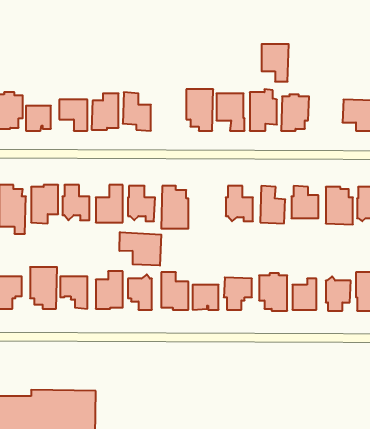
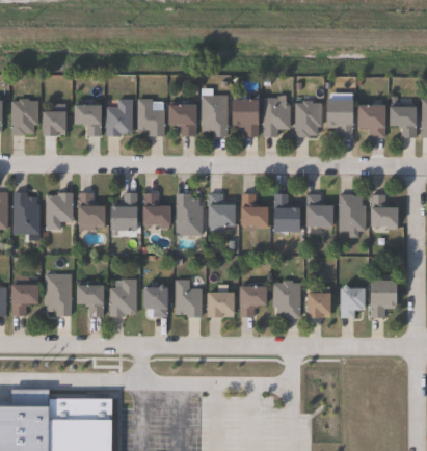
building: [262,44,289,82] -> [326,101,353,138]
building: none -> [167,106,195,137]
building: none -> [207,192,235,224]
building: [120,232,161,266] -> none

